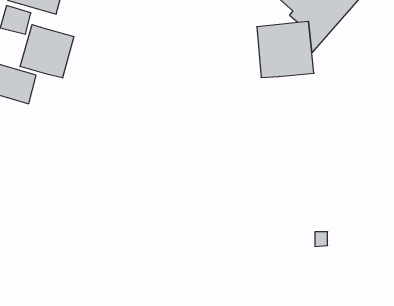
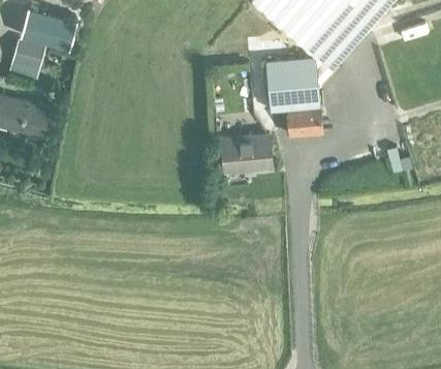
building: [20,25,74,78] -> none
building: none -> [287,106,323,135]
building: none -> [223,134,272,173]

